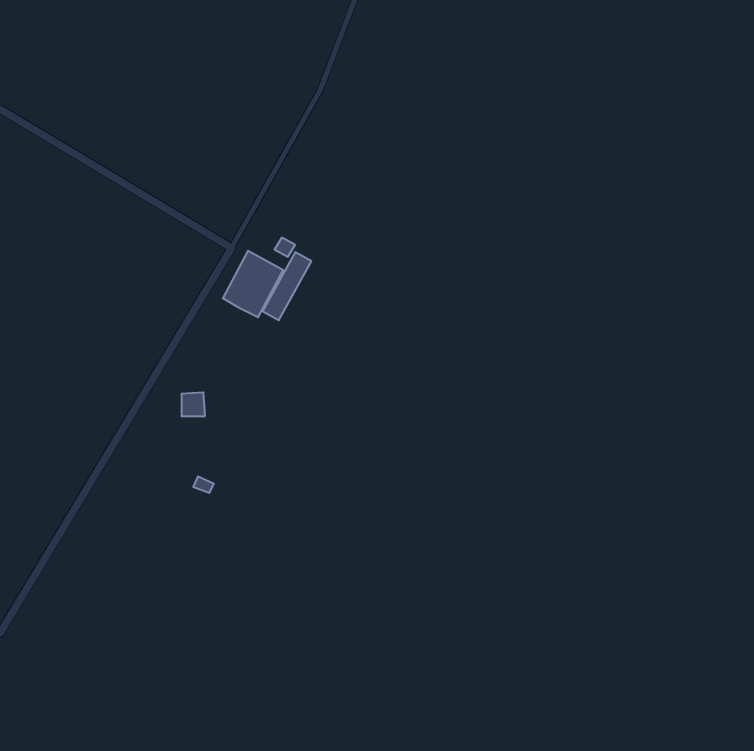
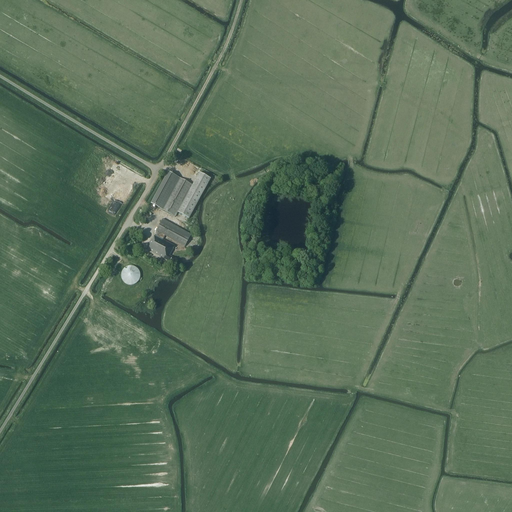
building: none -> [146,218,191,263]

